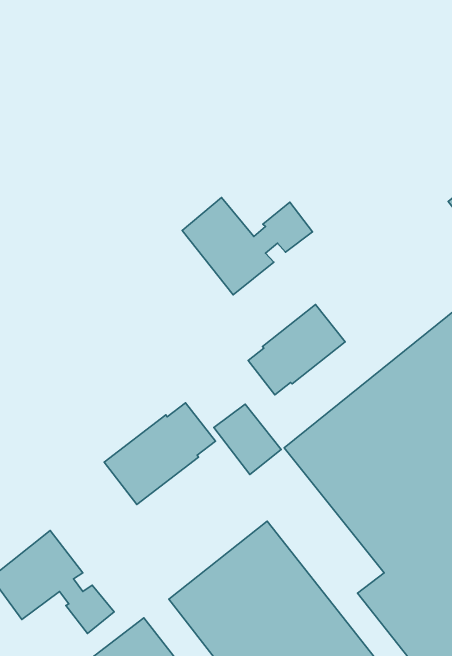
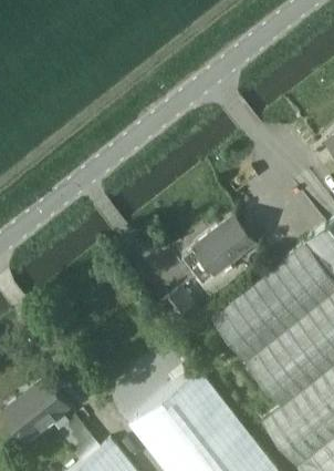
building: [182,197,312,295] -> none
building: [104,403,216,504] -> none

